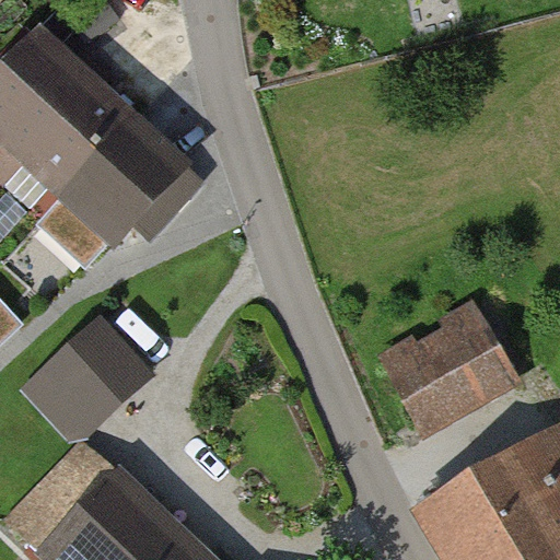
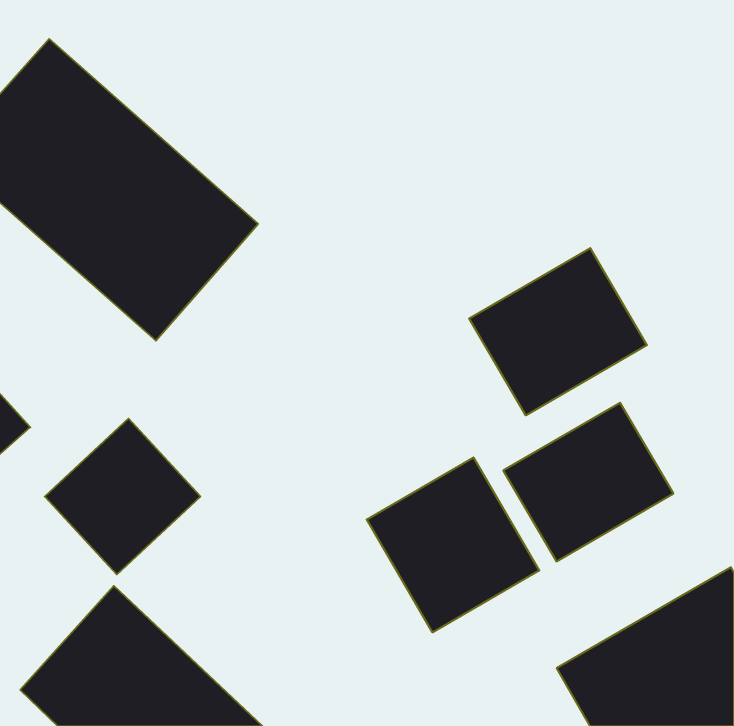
building: none -> [469,248,647,415]
building: none -> [367,457,539,632]

